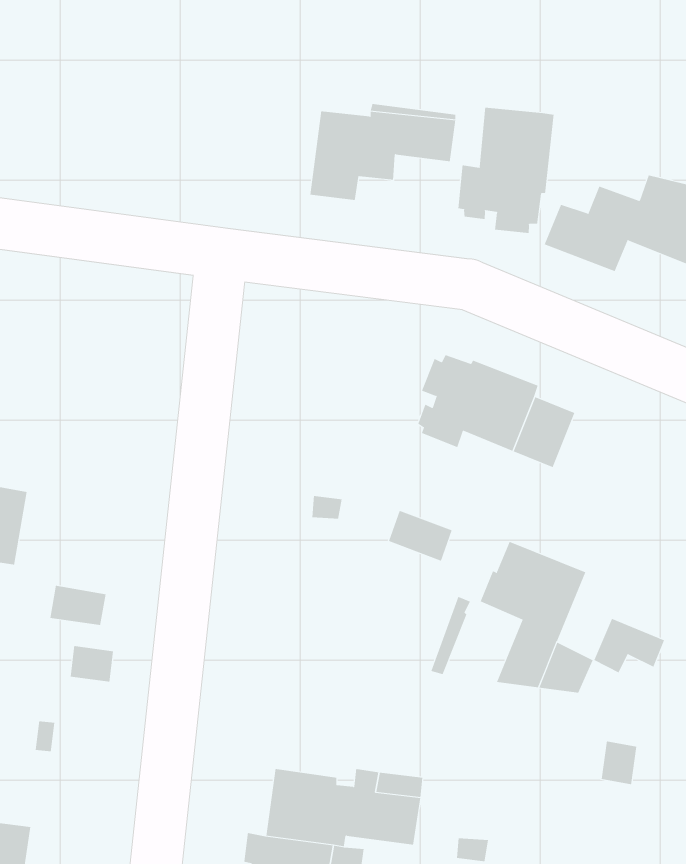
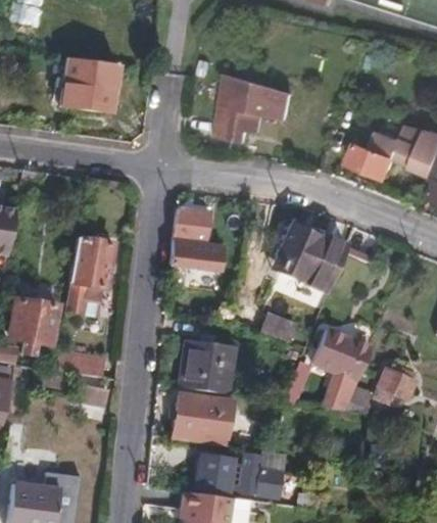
building: none -> [61,59,119,113]
building: [458,107,554,234] -> none
building: none -> [174,200,210,270]
building: none -> [66,240,112,314]
building: none -> [182,339,238,393]
building: none -> [174,393,230,443]

